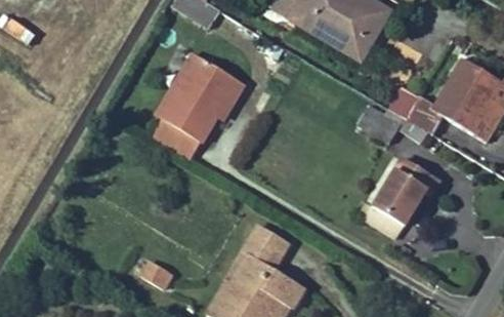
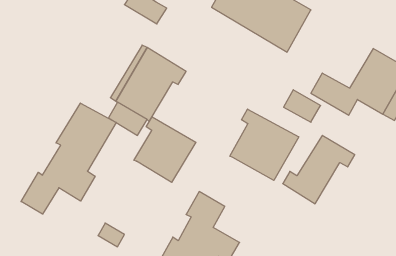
building: none -> [21,103,116,214]
building: none -> [230,109,299,180]
building: none -> [134,117,196,182]

